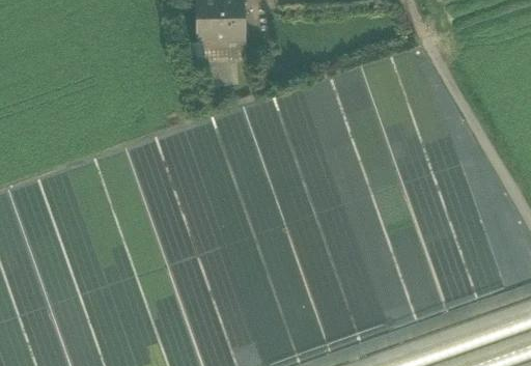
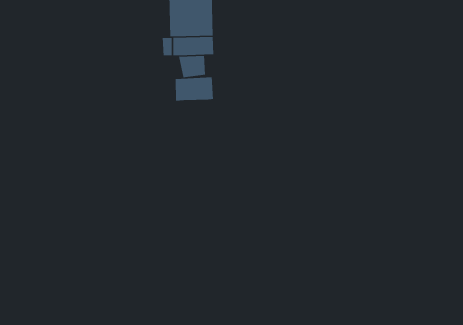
building: none -> [175,77,214,102]

